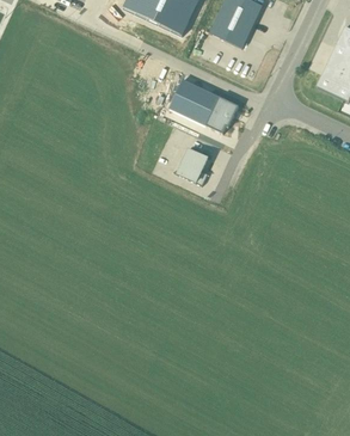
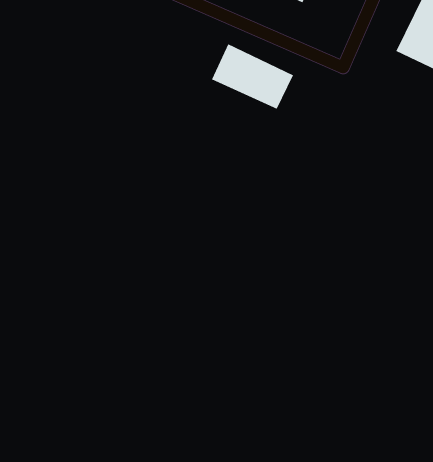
building: [178,148,208,182] -> none

